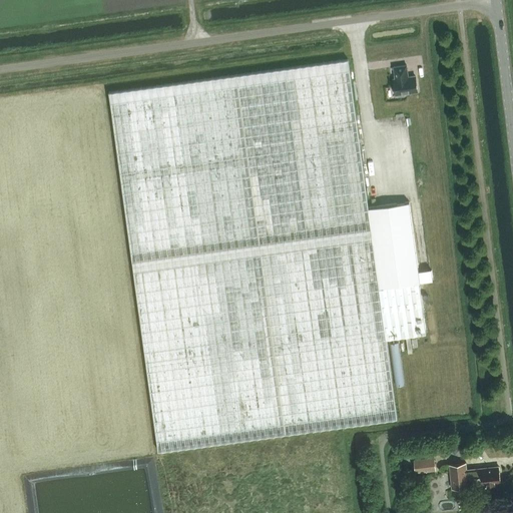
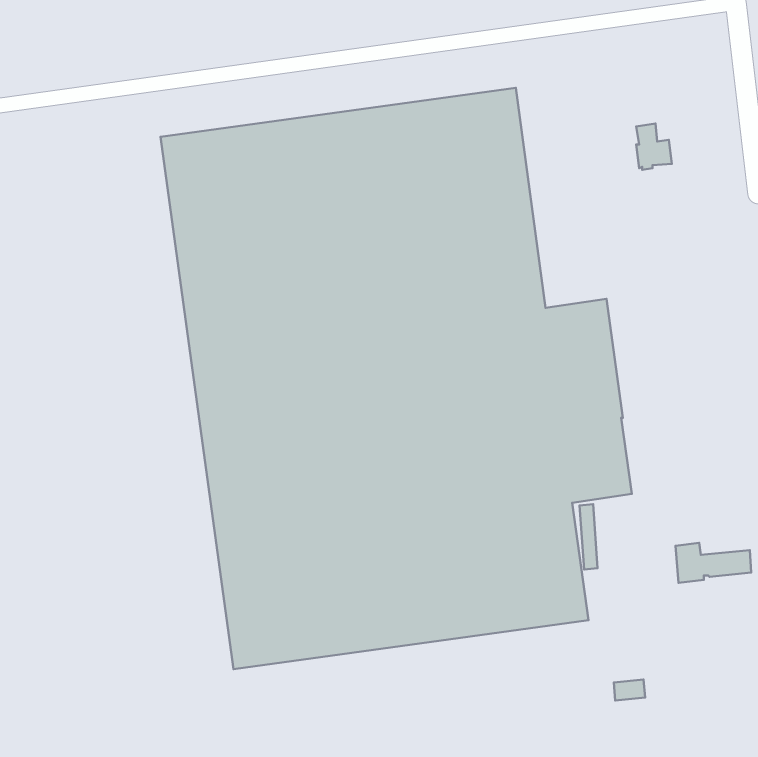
building: [393,67,417,98] -> [636,124,672,170]
building: [449,464,500,491] -> [675,543,751,583]

